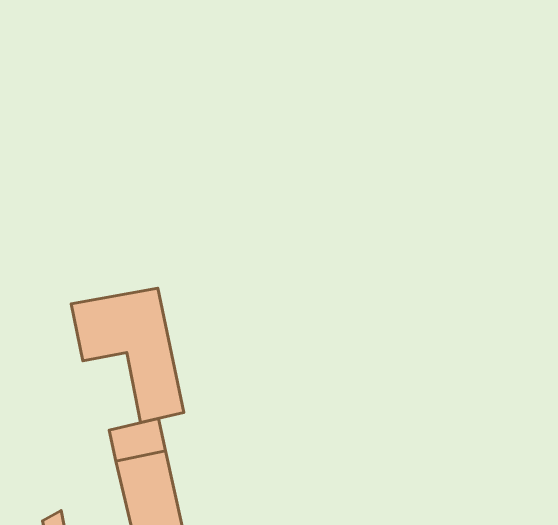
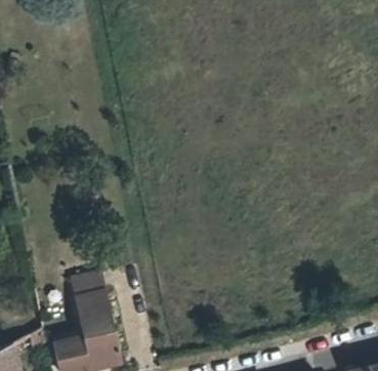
building: [71,288,184,422] -> none

